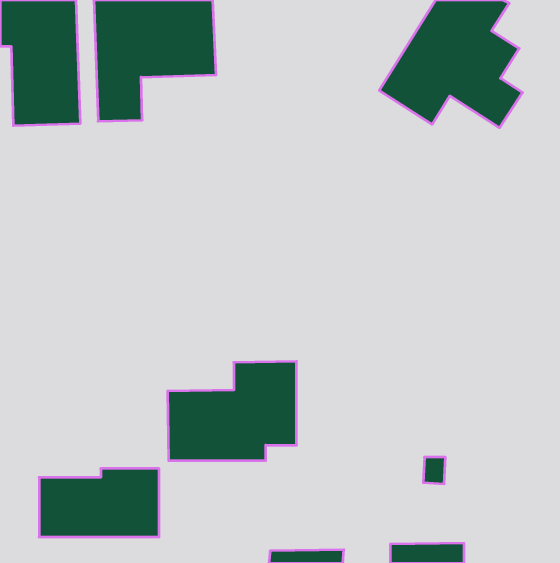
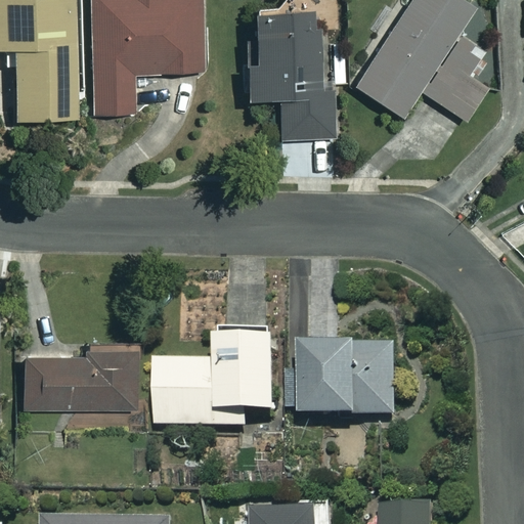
building: none -> [245,10,335,137]
building: none -> [302,345,399,418]
building: [39,469,159,537] -> [24,344,135,407]

